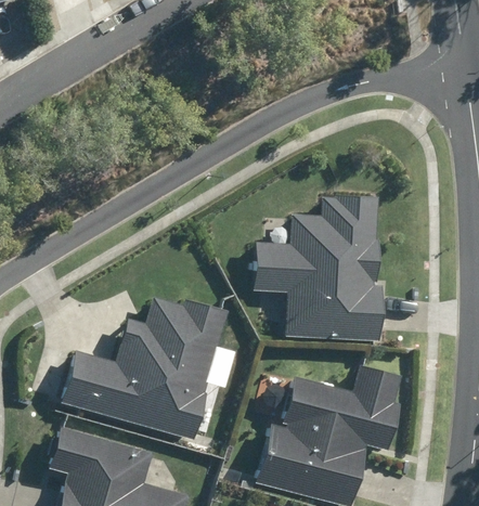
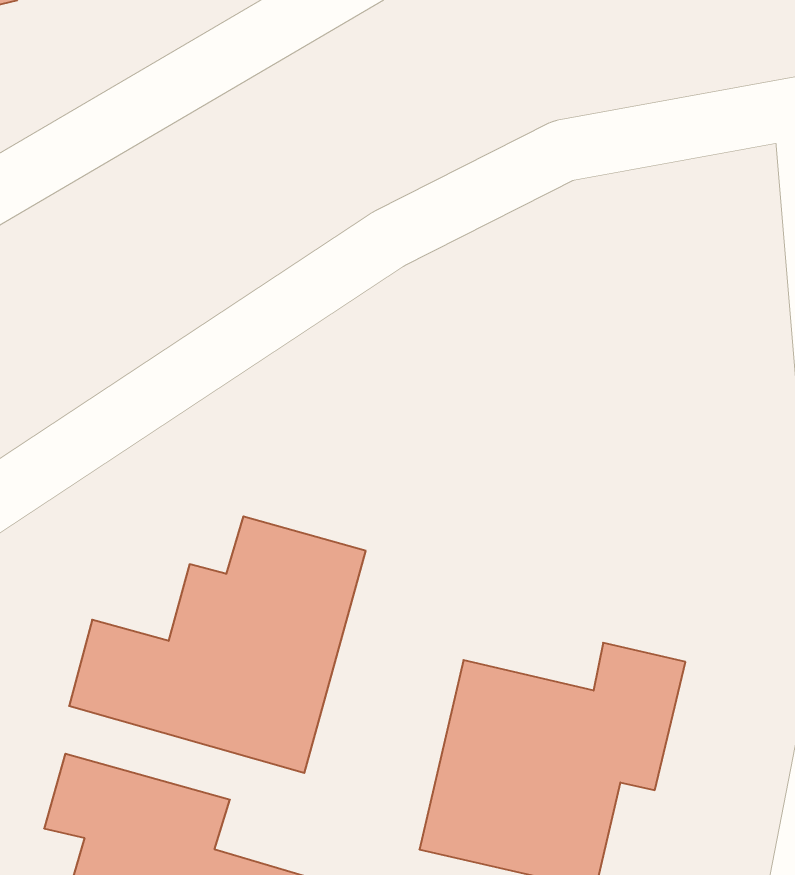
building: [254,194,381,339] -> none

